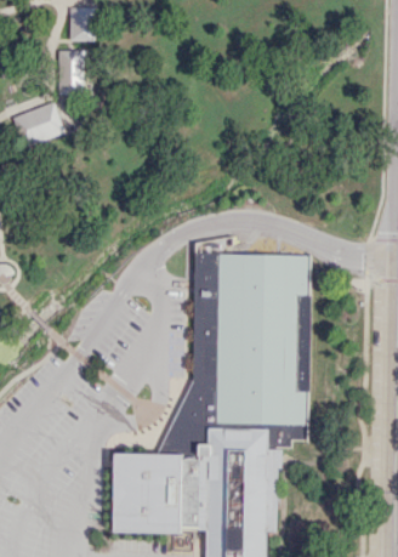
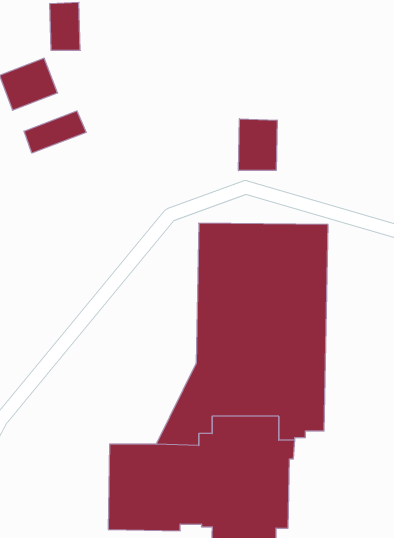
building: none -> [24,111,86,153]
building: none -> [239,119,277,171]

